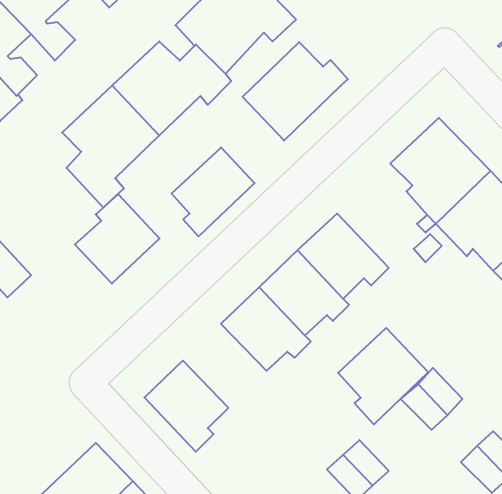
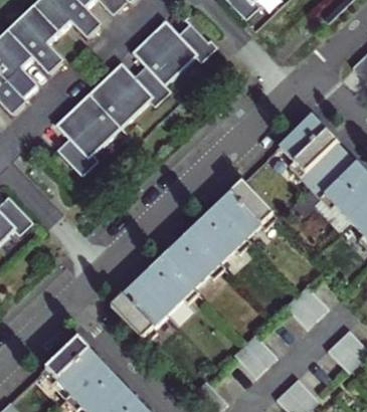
building: [243,42,348,141] -> none
building: [172,147,255,236] -> none
building: [75,194,160,284] -> none
building: none -> [137,255,198,313]
building: [338,328,428,424] -> none

